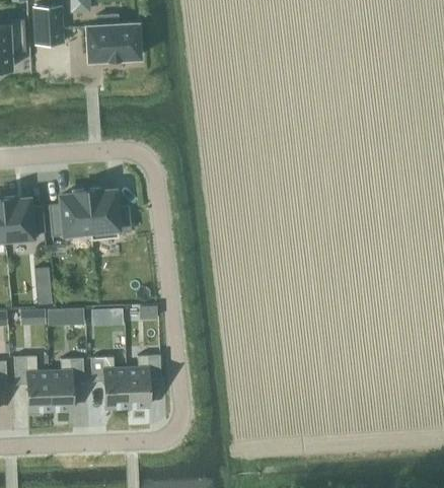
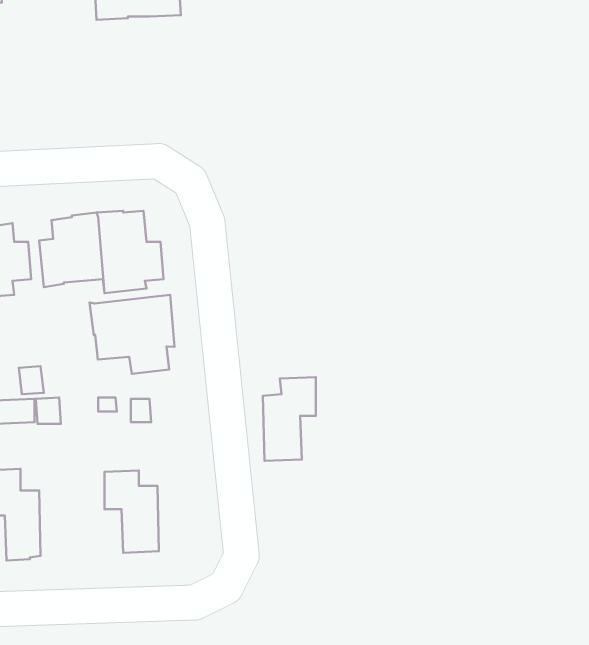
building: none -> [90,295,175,374]
building: [126,354,160,409] -> [263,377,316,461]
building: [49,357,84,412] -> none

